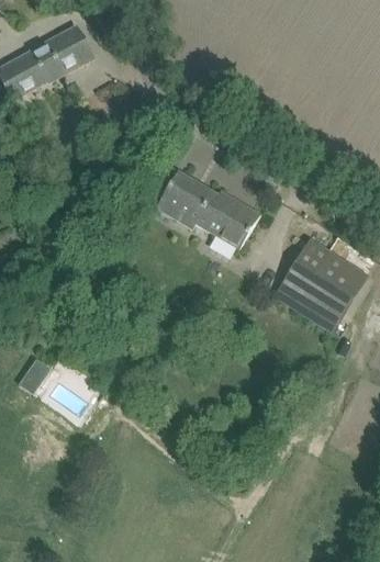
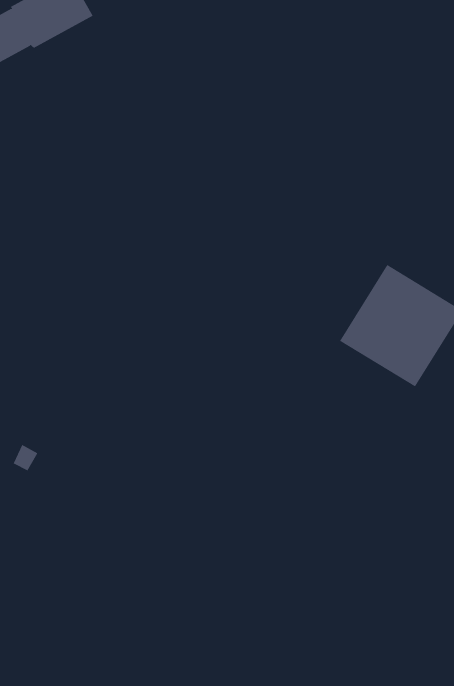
building: [159,171,259,248] -> none

